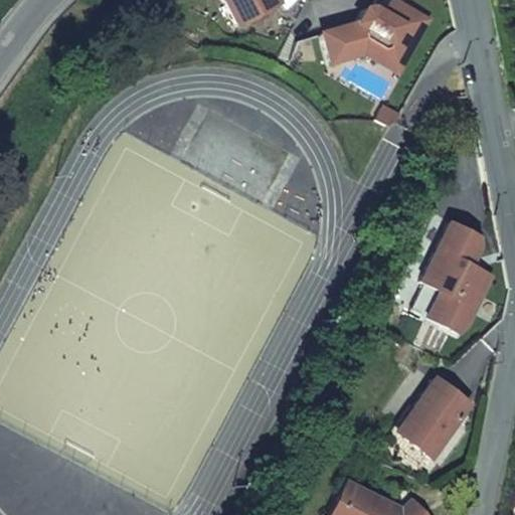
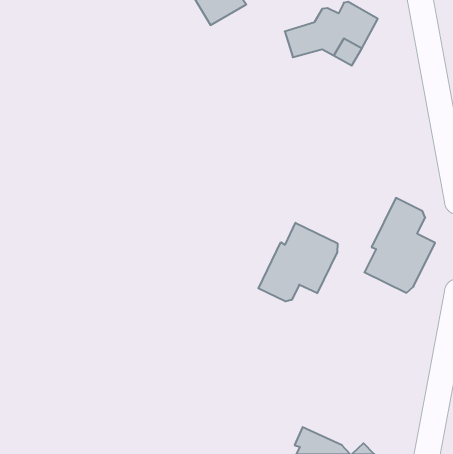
building: none -> [258,223,337,301]
building: [397,376,473,456] -> none

